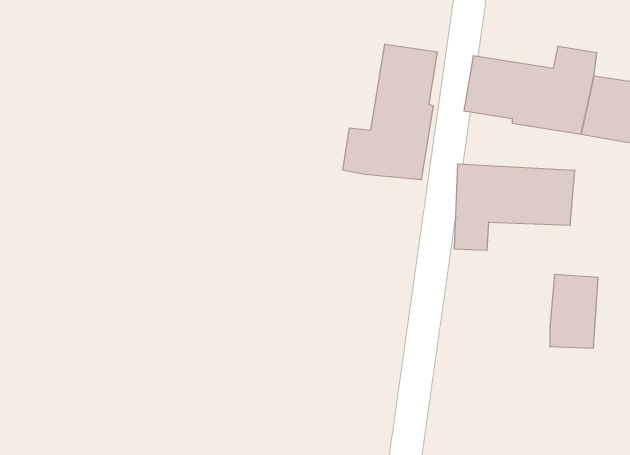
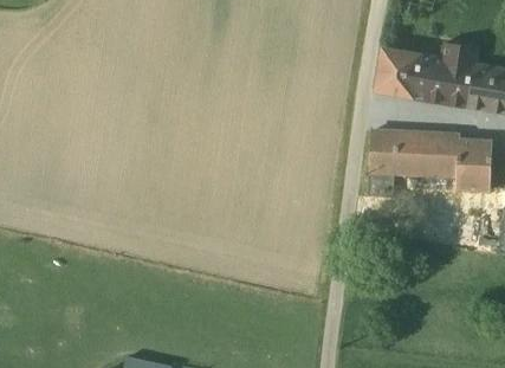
building: [343,44,437,180] -> none
building: [550,274,598,348] -> [457,136,493,192]

